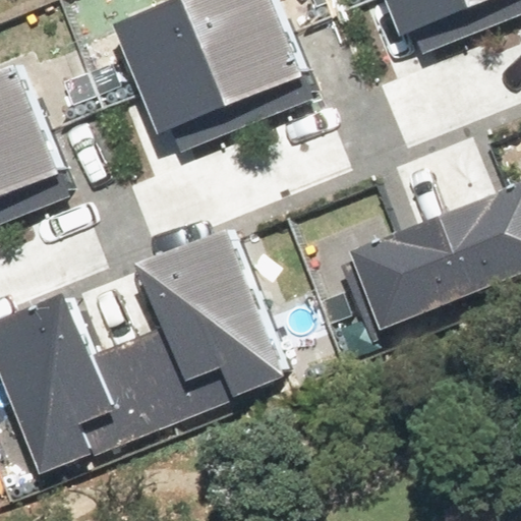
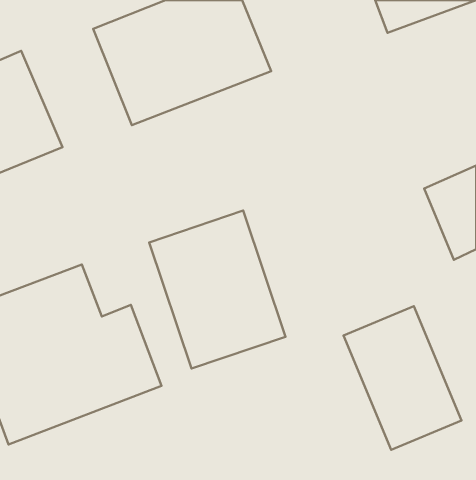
building: [356,212,480,326] -> none
building: none -> [343,306,461,450]

